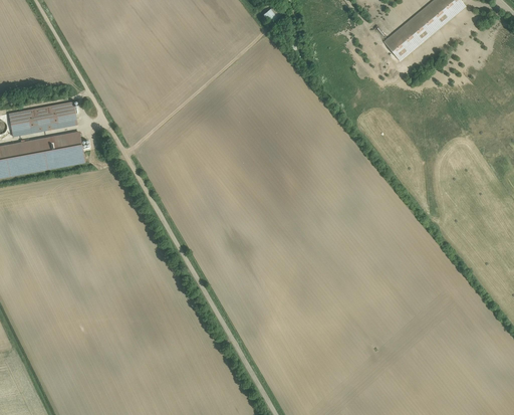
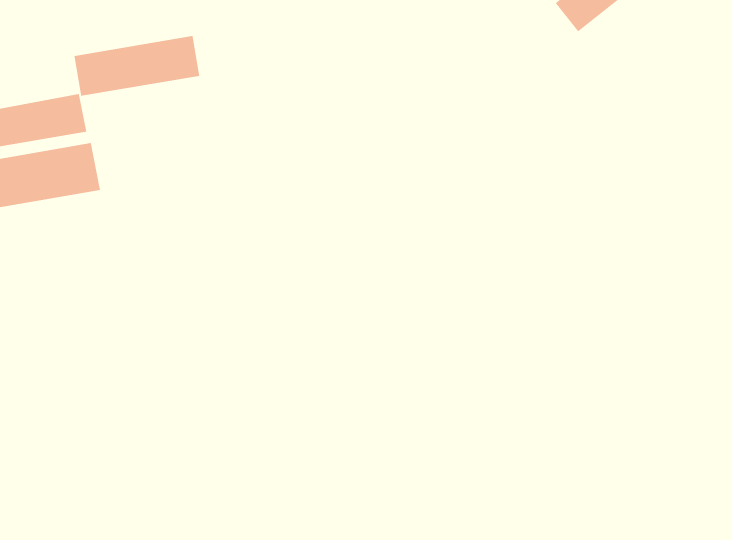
building: none -> [74,35,200,97]

